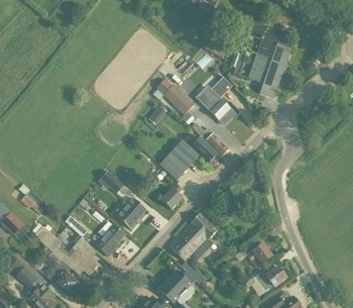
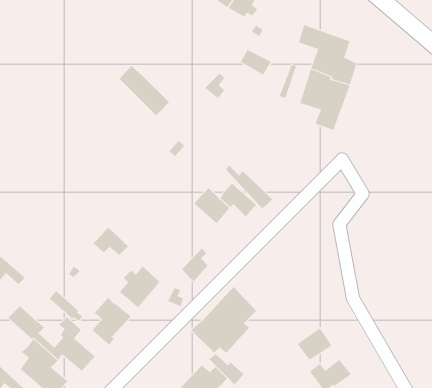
building: [197,76,233,123] -> none
building: [156,77,194,114] -> [119,65,170,116]
building: [159,151,188,179] -> none

